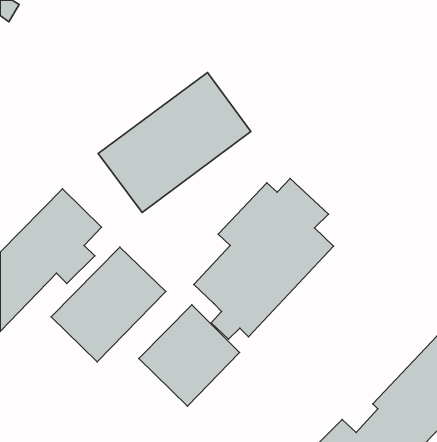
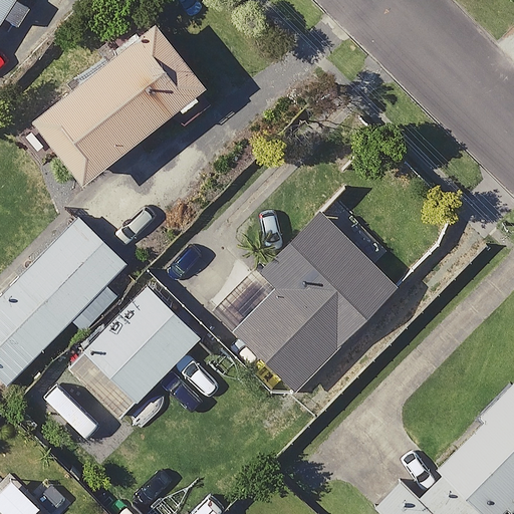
building: [98,72,251,213] -> [25,22,202,184]
building: [139,305,239,406] -> none

